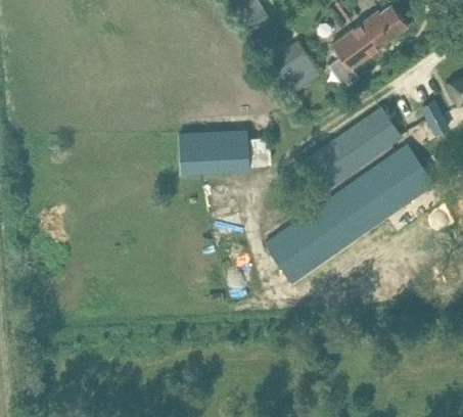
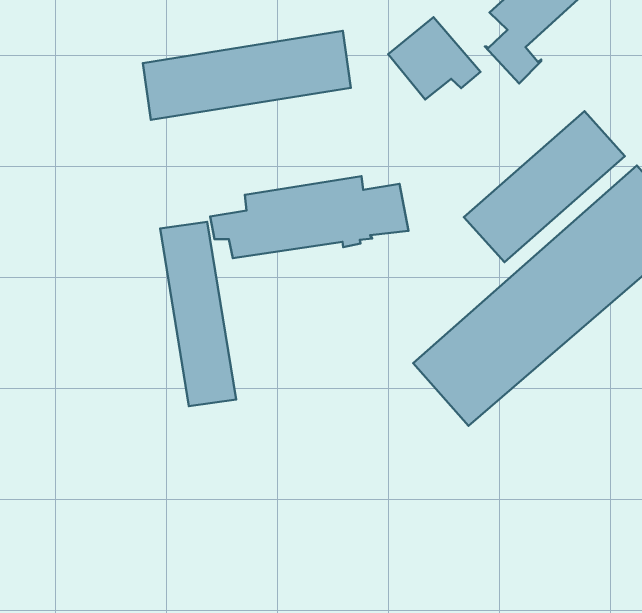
building: none -> [143,31,351,120]
building: none -> [160,222,236,406]

